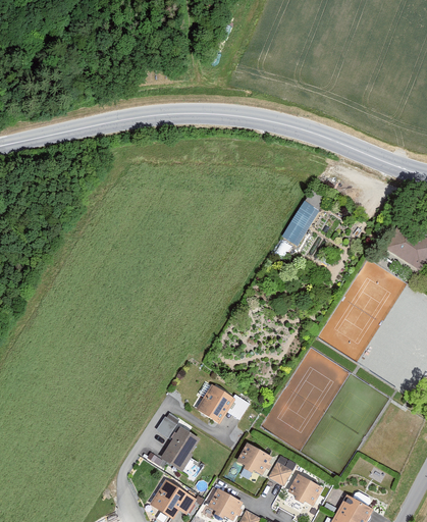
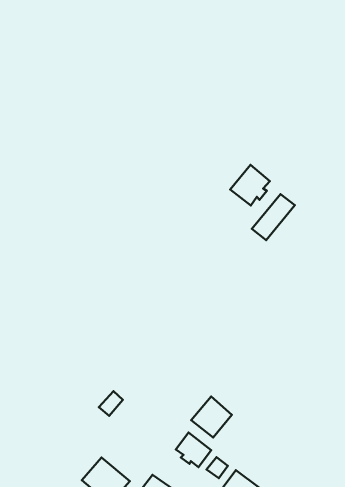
building: none -> [230,165,270,205]
building: [195,383,233,423] -> [191,397,232,438]
building: [161,427,199,468] -> none

